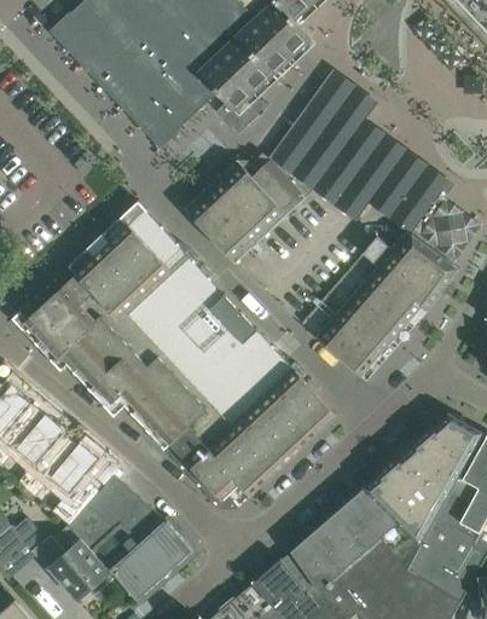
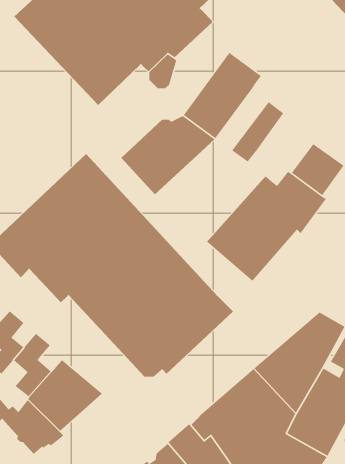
building: [312,125,381,204] -> none
building: [367,156,443,233] -> none
building: [110,520,192,600] -> none

